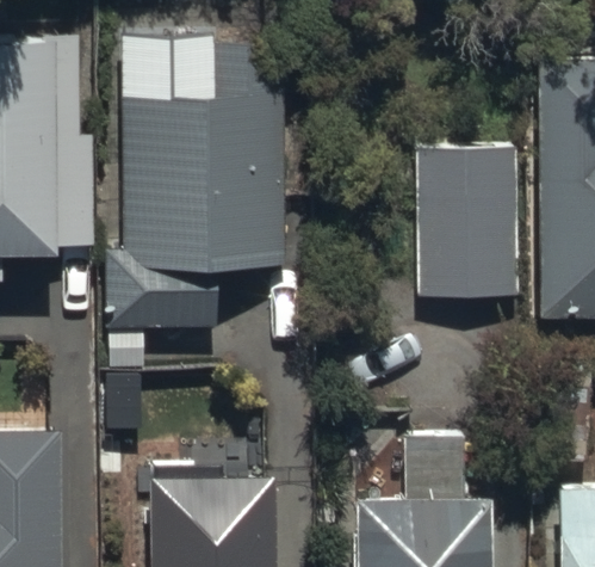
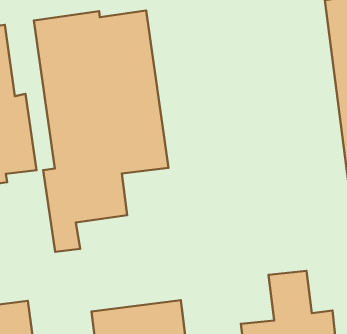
building: [411,142,521,301] -> none

